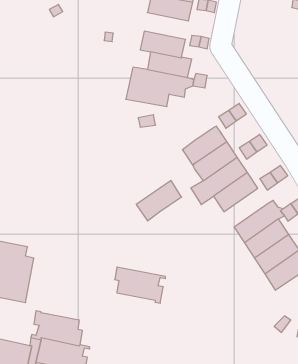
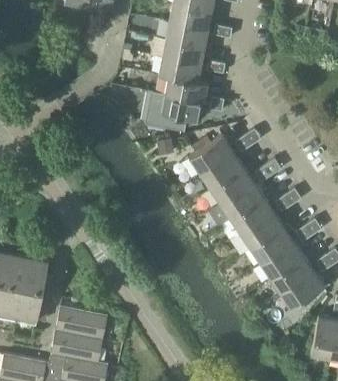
building: none -> [162,39,205,65]
building: [136,181,182,221] -> [188,133,232,172]
building: none -> [239,209,282,247]
building: [115,267,165,303] -> [60,305,109,340]

